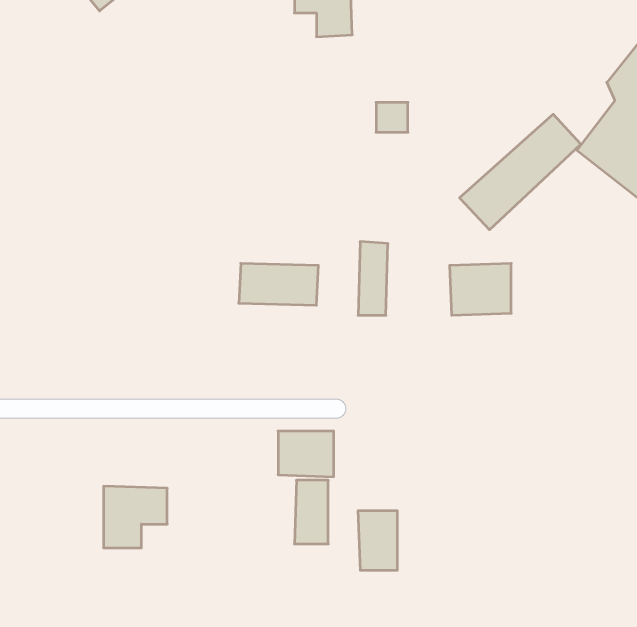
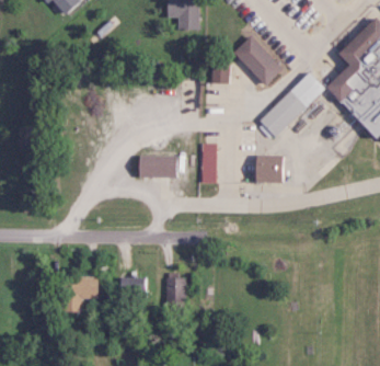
building: none -> [232,35,281,84]
building: [278,431,334,477] -> [119,276,150,301]
building: [358,511,397,570] -> none

